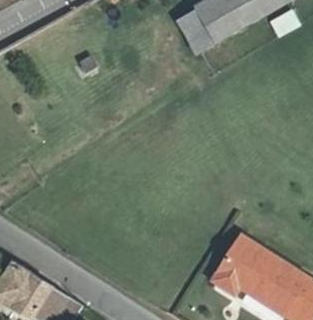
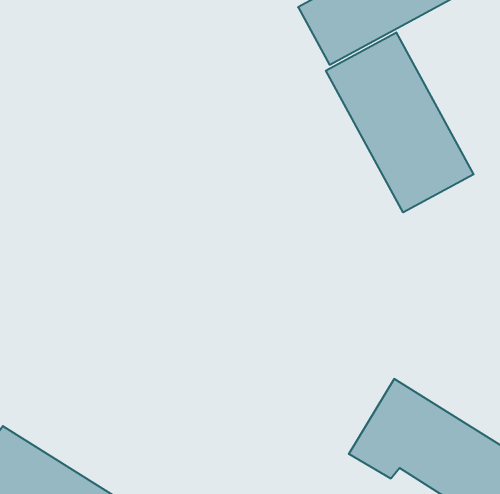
building: none -> [326,32,474,212]

